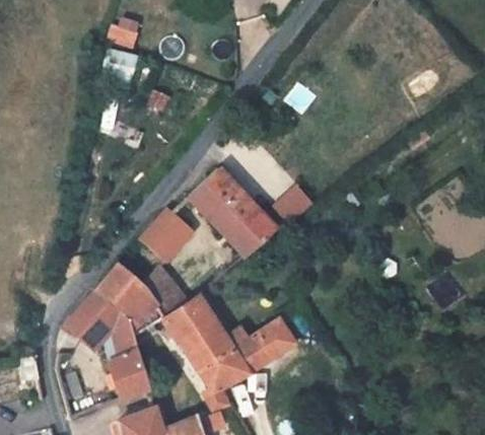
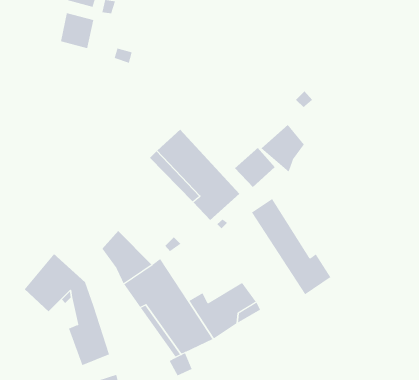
building: none -> [261,124,305,172]
building: [139,208,195,261] -> none
building: none -> [251,198,331,295]
building: [94,264,160,341] -> none

